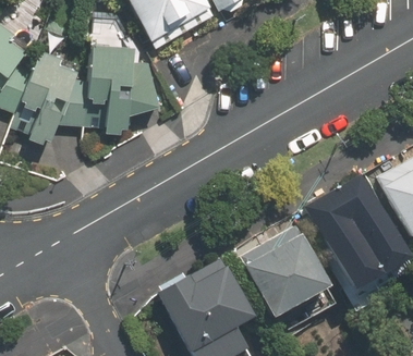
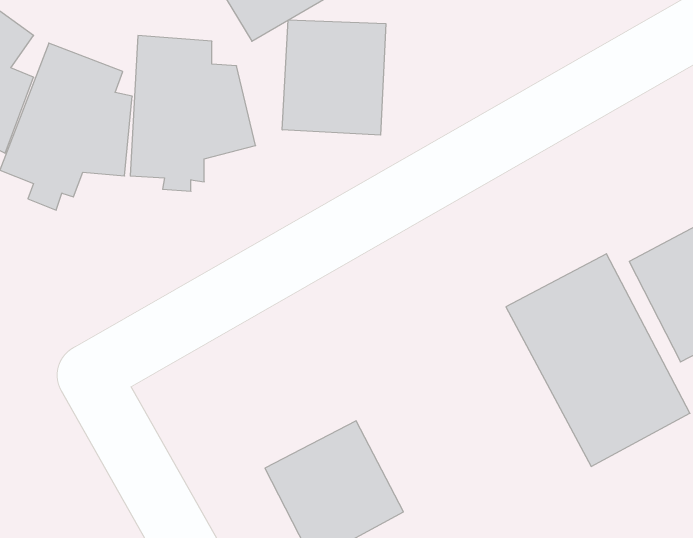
building: none -> [282,20,386,135]
building: [241,230,330,321] -> none

